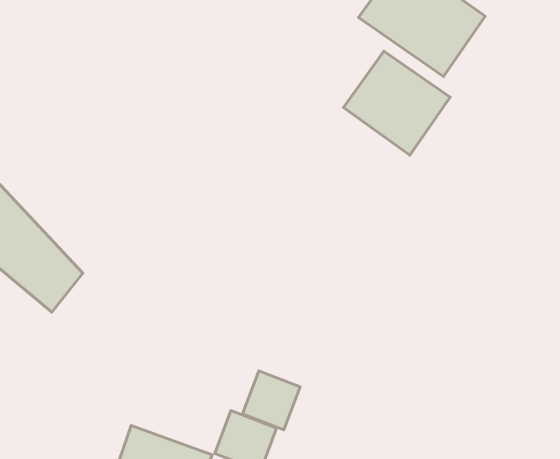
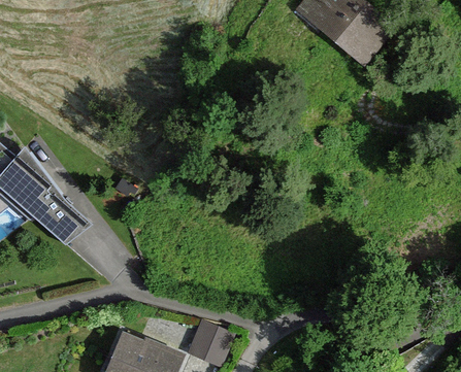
building: [344,51,450,155] -> none
building: [243,371,300,430] -> none

